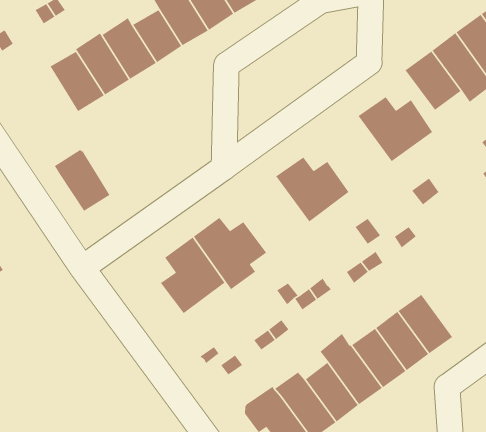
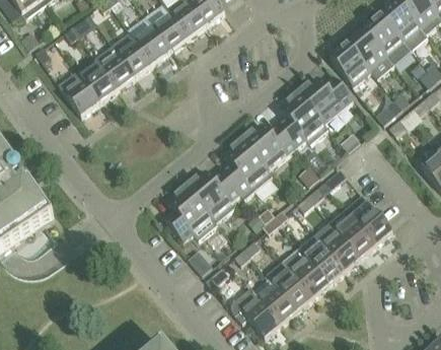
building: none -> [281,89,330,144]
building: [54,149,111,212] -> [60,68,101,113]
building: none -> [224,136,274,196]
building: none -> [348,192,394,242]

